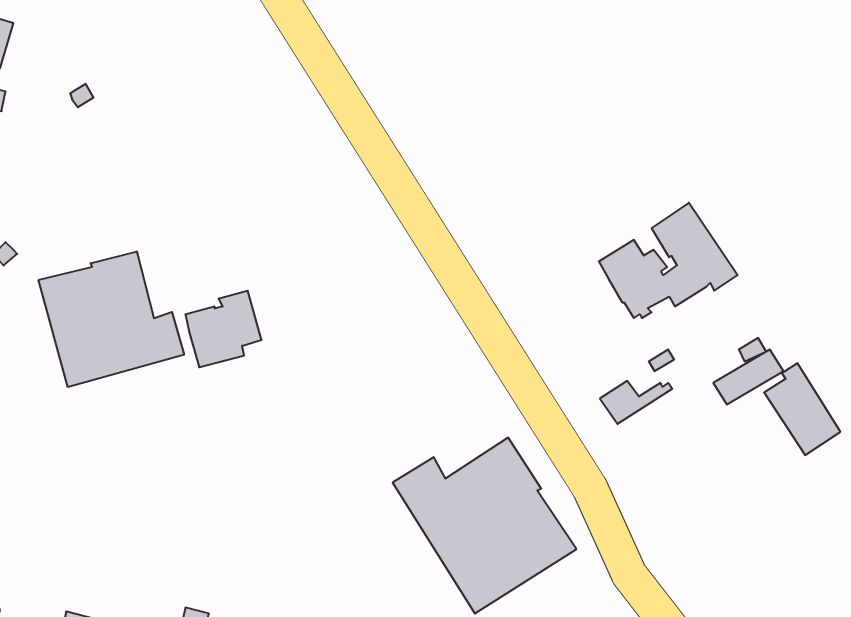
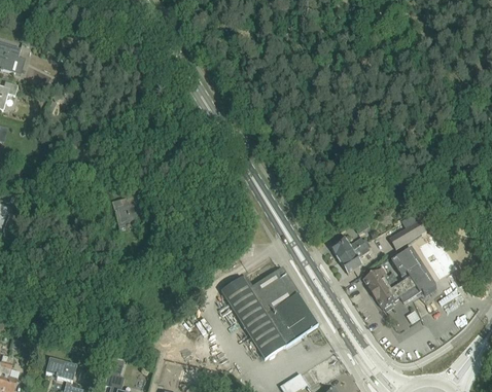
building: [599,203,738,318] -> [363,248,436,309]
building: [39,251,184,387] -> none
building: none -> [339,241,371,274]

